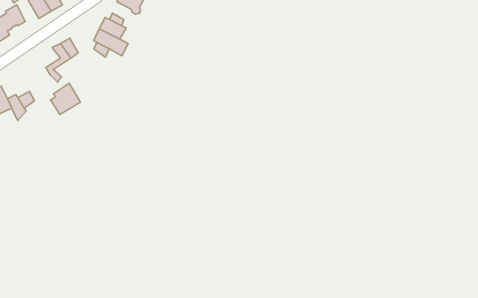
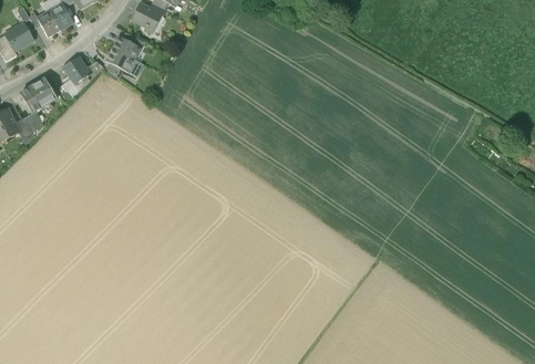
building: [50,83,81,115] -> [24,77,56,111]

